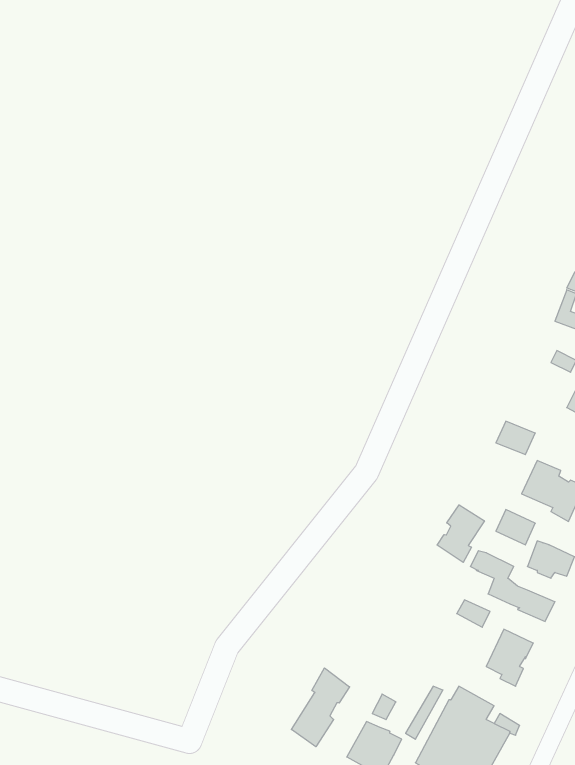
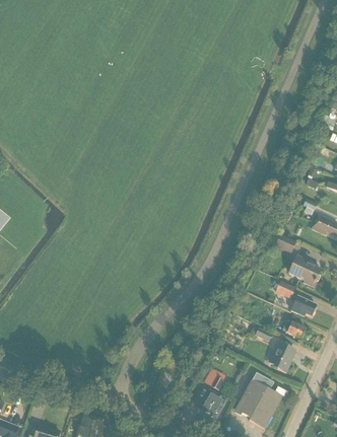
building: [437,505,484,562] -> none
building: [291,668,350,747] -> none

